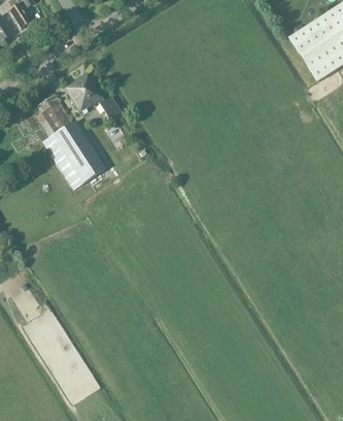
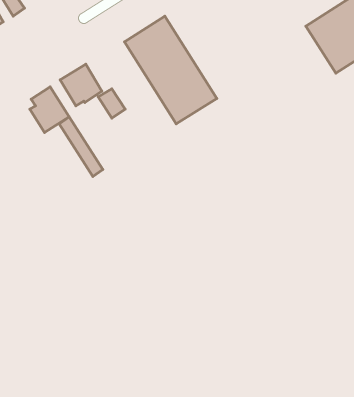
building: none -> [124,16,217,124]
building: [42,126,94,188] -> none

